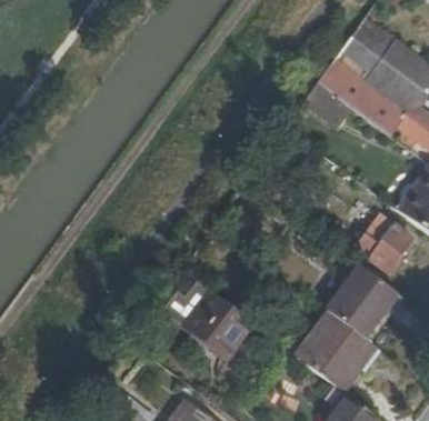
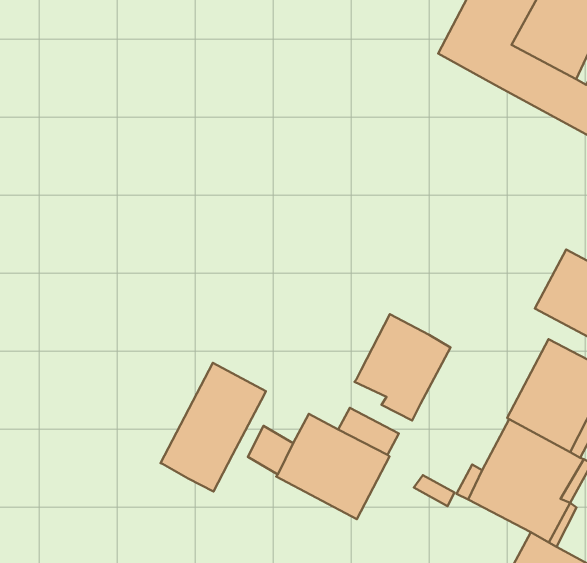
building: [305,82,351,127] -> none
building: none -> [355,314,450,420]
building: none -> [160,363,266,492]

